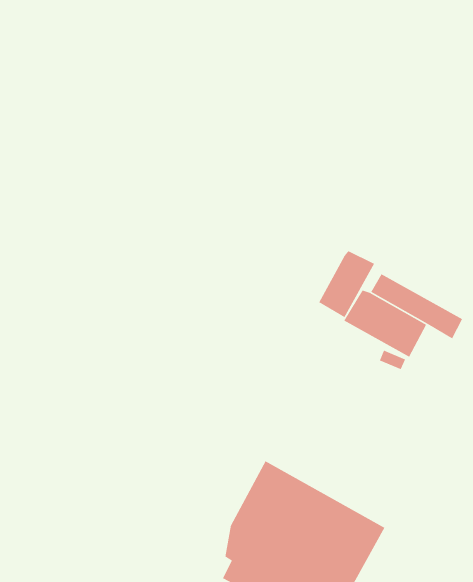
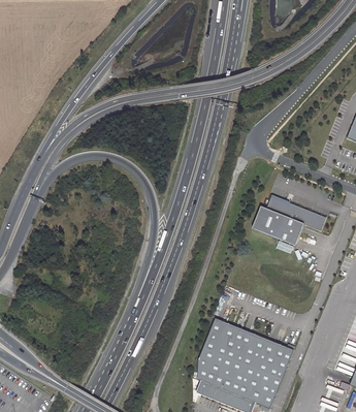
building: [318,250,375,318] -> none

